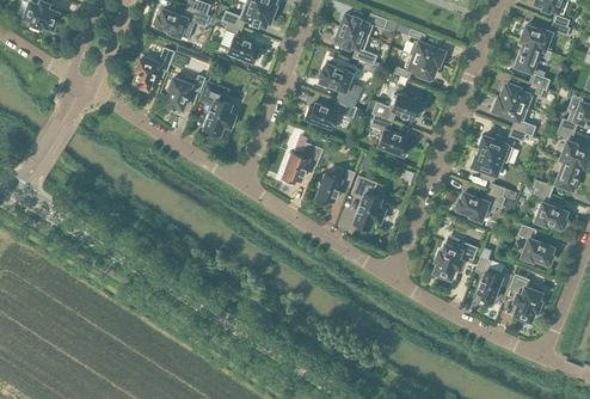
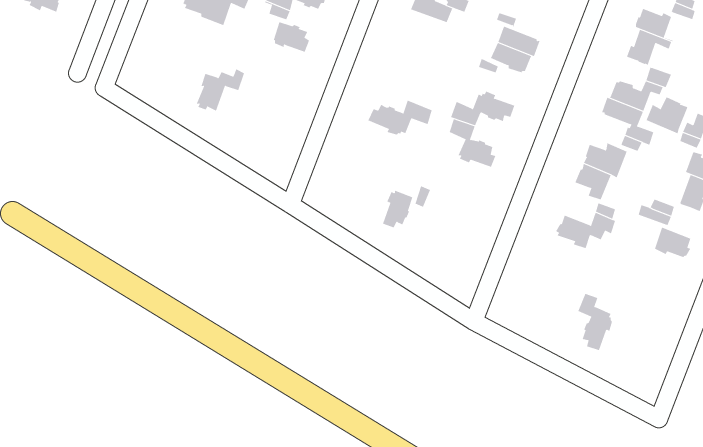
building: [334,26,377,65] -> none
building: [134,47,176,90] -> none
building: [319,63,361,108] -> none
building: [202,82,235,136] -> none
building: none -> [646,96,688,134]
building: [283,142,324,182] -> none
building: [351,174,385,231] -> none
building: [518,223,553,263] -> none
building: [435,241,478,278] -> none
building: [509,274,541,321] -> none

